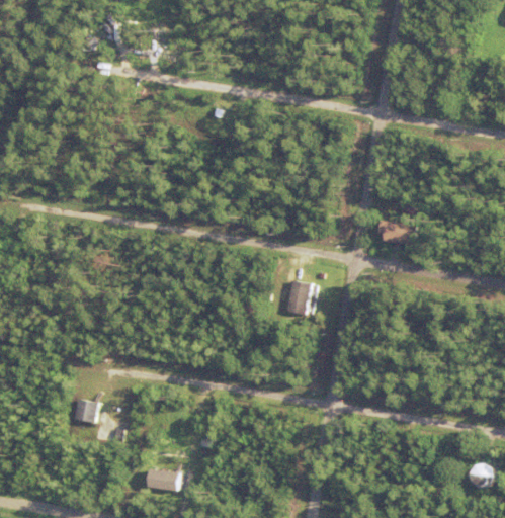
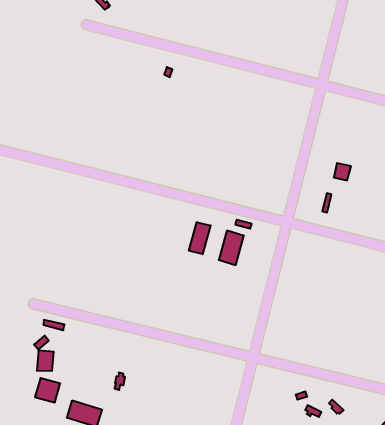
building: none -> [189,222,211,254]
building: [71,400,96,424] -> [35,378,60,402]

